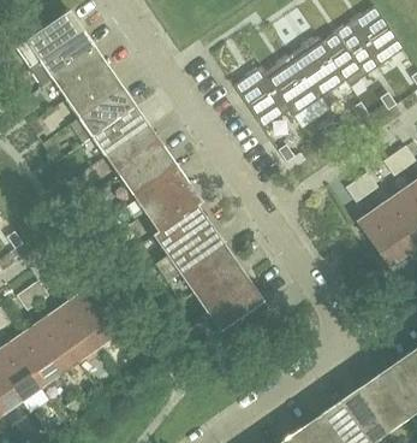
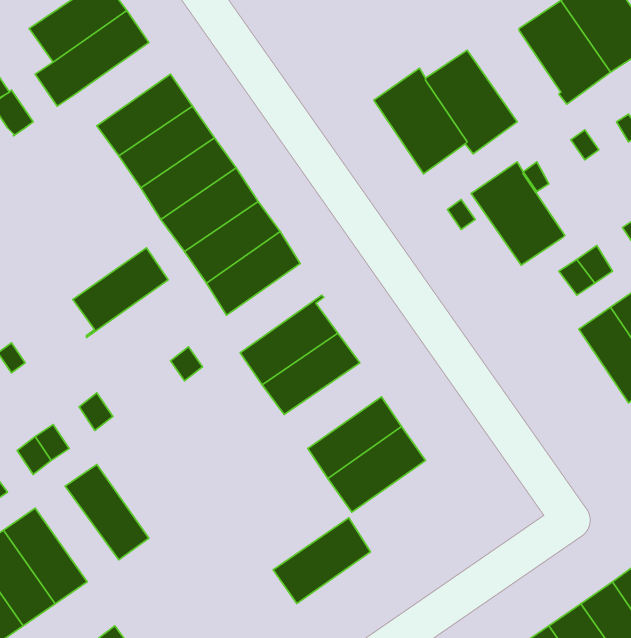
building: [290,34,346,96] -> [471,162,565,265]
building: [53,48,111,99] -> none
building: [144,182,202,236] -> [73,248,168,337]
building: [179,242,238,294] -> [273,518,371,604]
building: [66,288,119,348] -> none
building: [29,317,79,374] -> none

